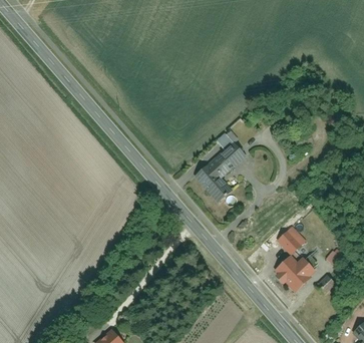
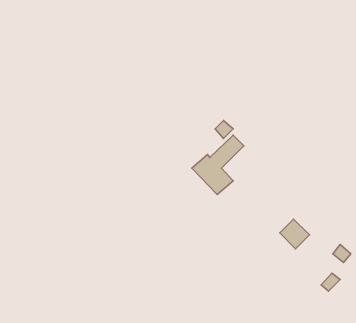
building: [277,255,314,287] -> none

